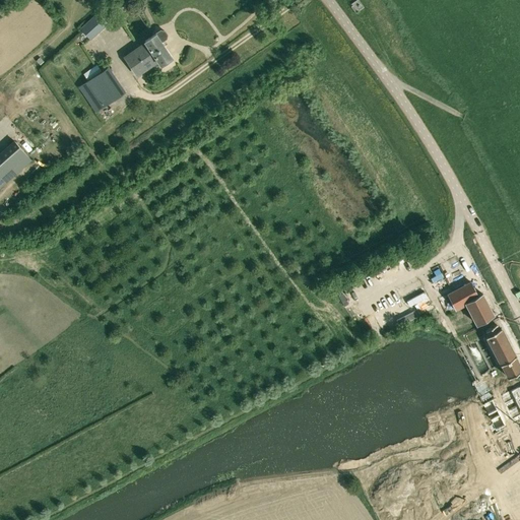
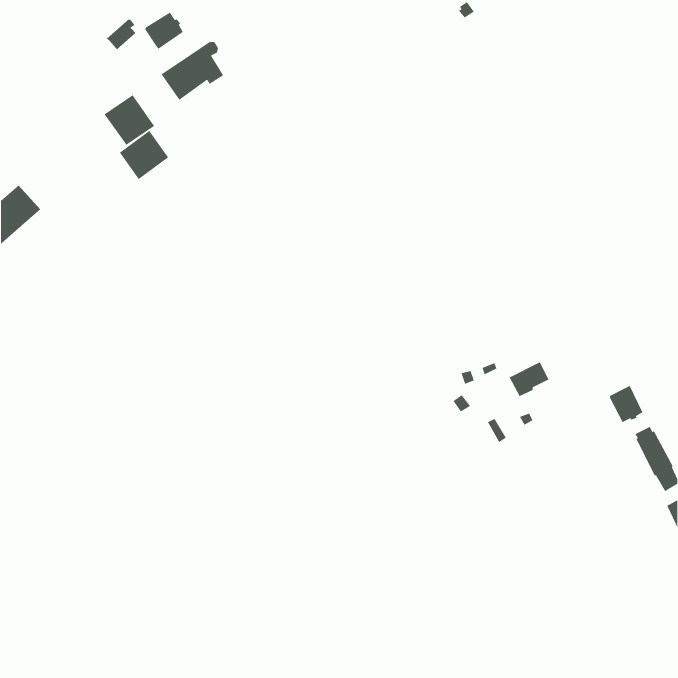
building: none -> [144,11,184,50]
building: none -> [119,130,169,180]
building: [447,282,478,310] -> [508,361,550,397]

